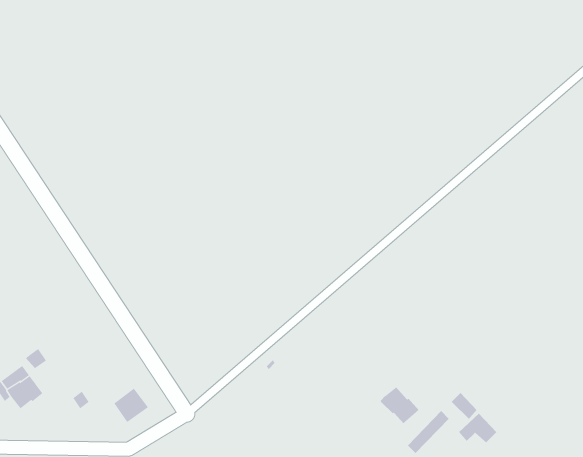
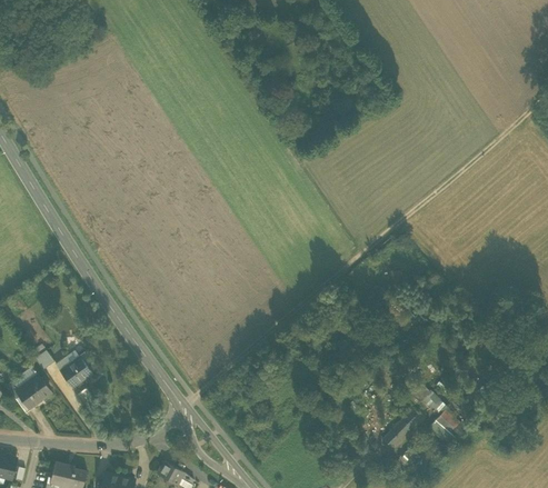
building: [380,387,419,424] -> none
building: [114,388,149,423] -> [60,357,92,389]

